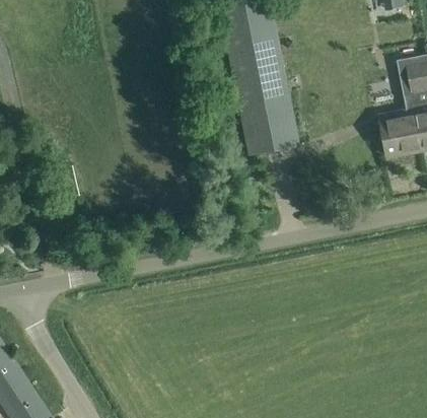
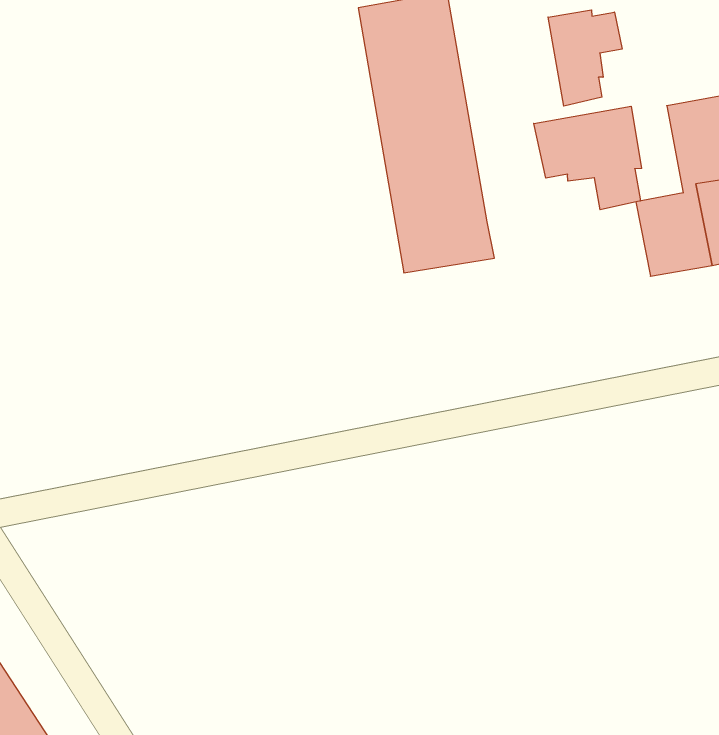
building: none -> [548,10,622,106]
building: none -> [534,106,642,210]

